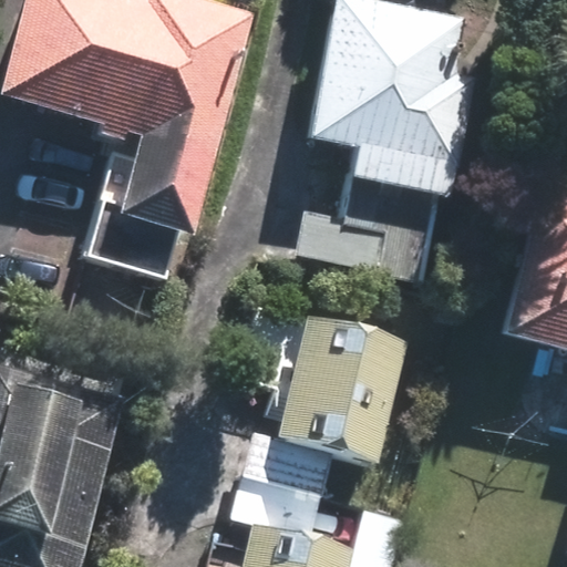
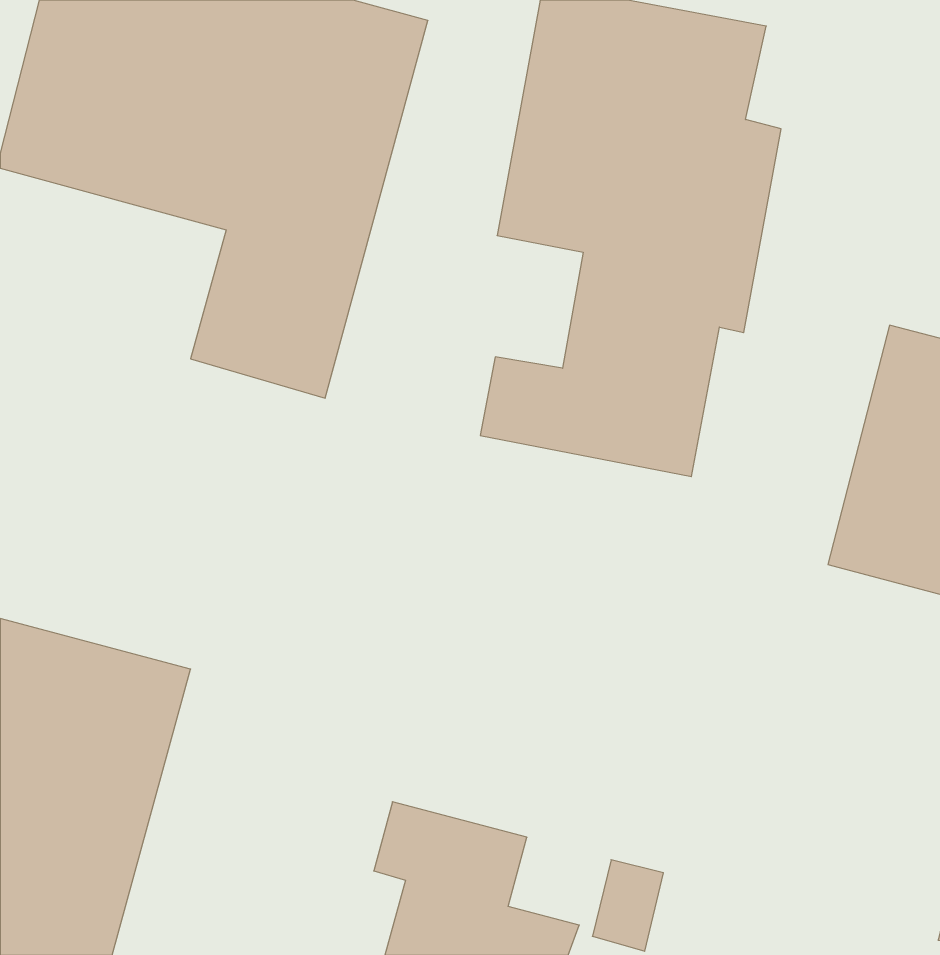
building: [241,318,405,496] -> none

